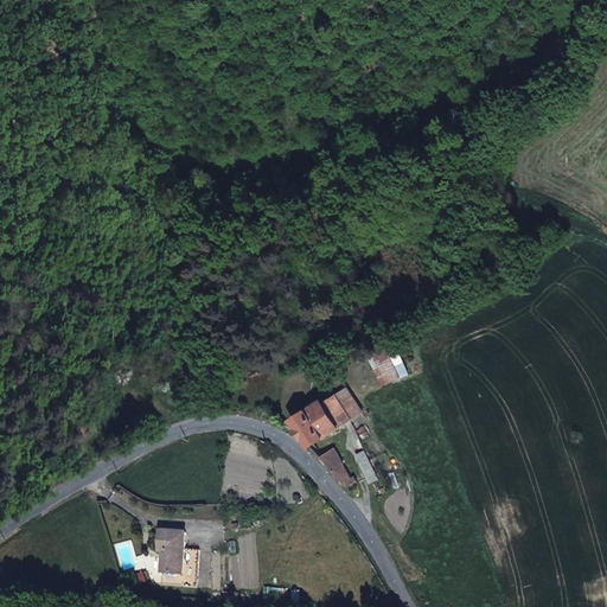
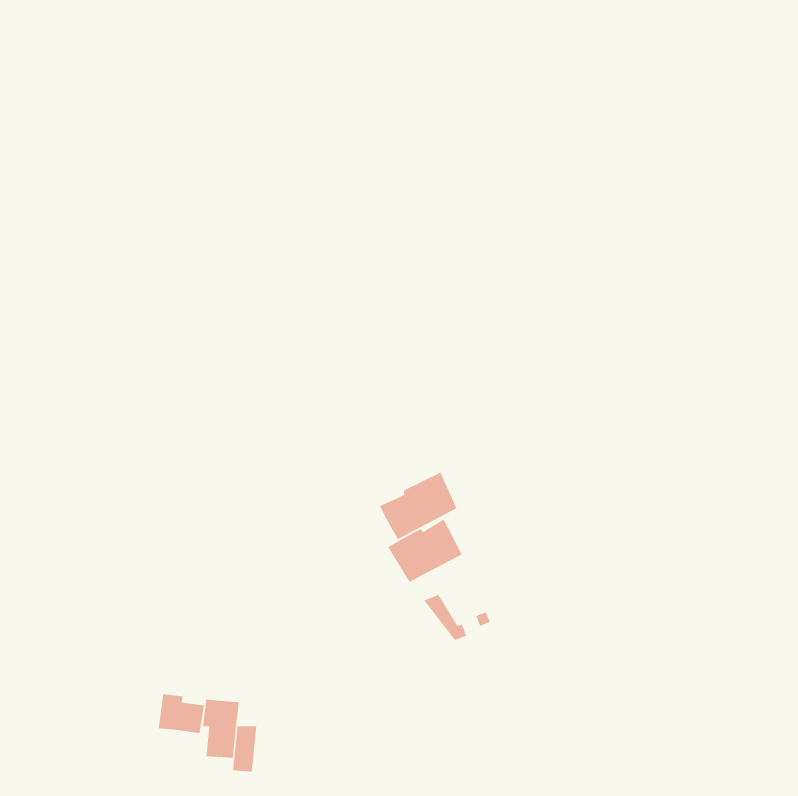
building: none -> [379,471,457,540]
building: none -> [158,694,205,734]

